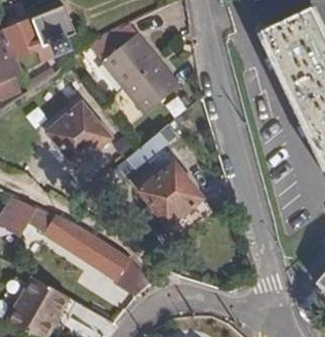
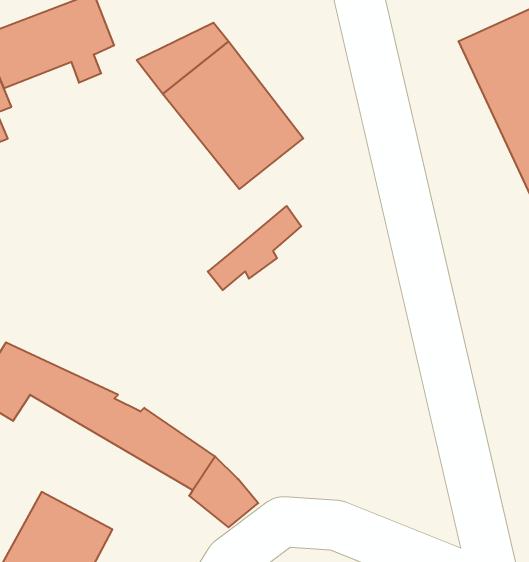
building: [44,102,109,165] -> none
building: [136,162,213,241] -> none

